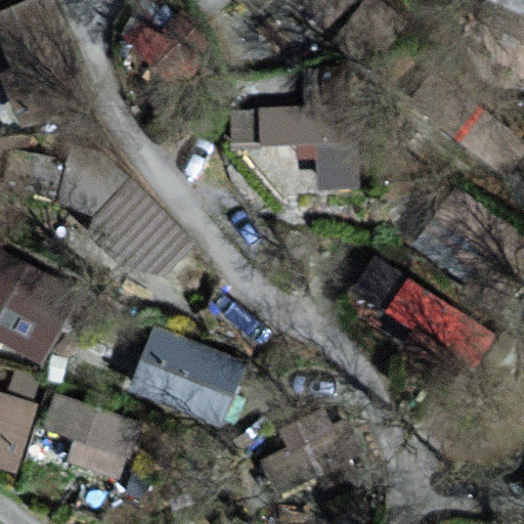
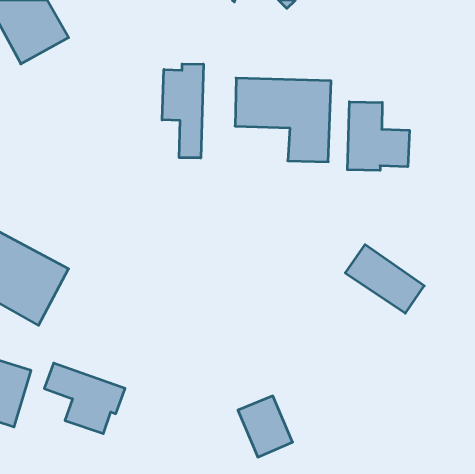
building: none -> [162,64,203,158]
building: none -> [347,102,409,170]
building: [135,337,239,424] -> none

